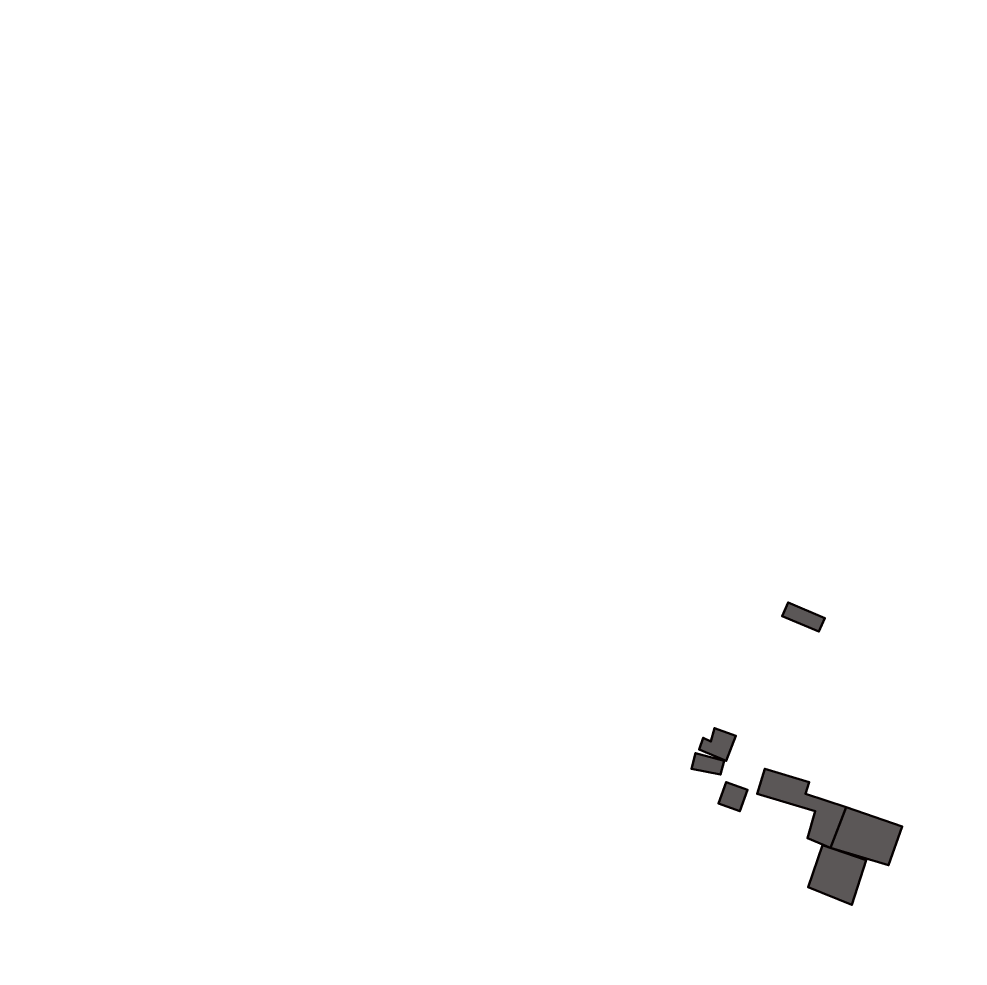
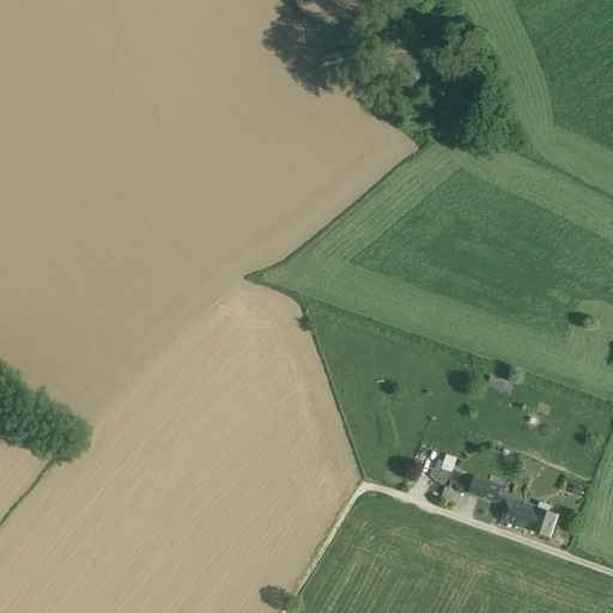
building: [808,845,866,905] -> none

